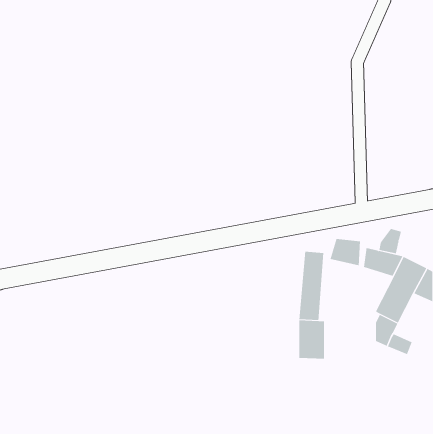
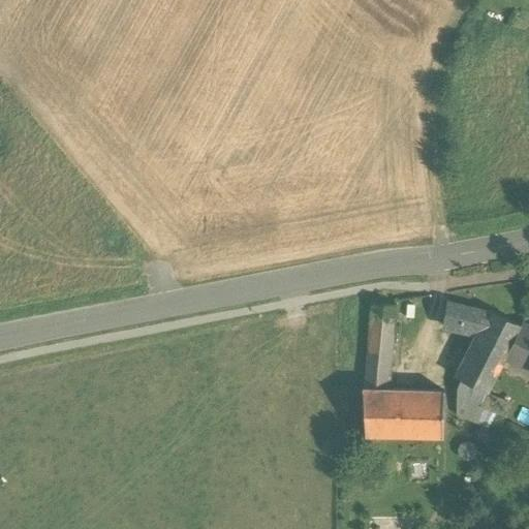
building: [379,228,401,254] -> none
building: [330,238,361,266] -> none
building: none -> [395,391,441,438]

